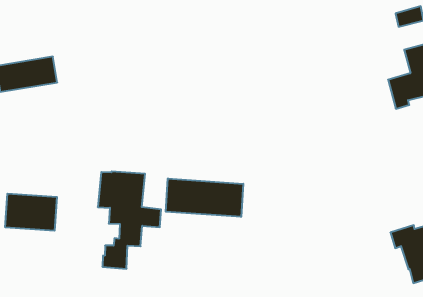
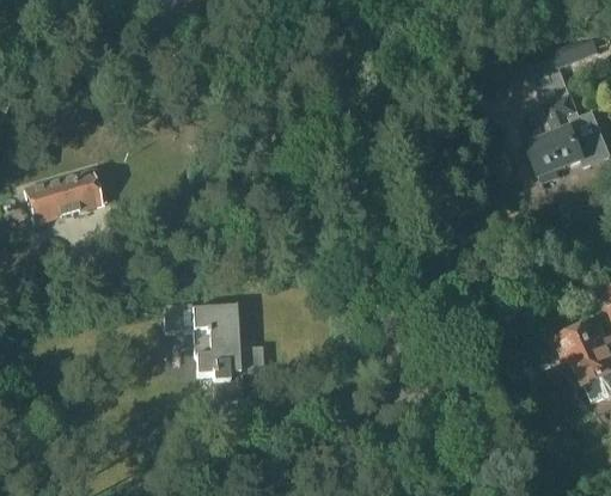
building: [166,178,243,217] -> none
building: [5,194,57,231] -> none

